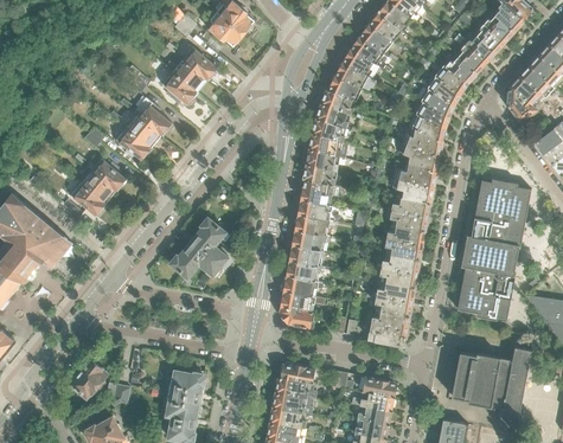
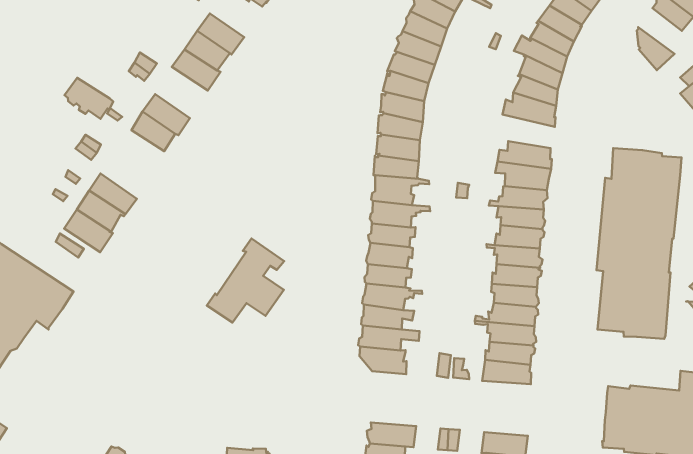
building: [508,77,540,114] -> none
building: [116,129,152,161] -> [64,78,113,119]
building: [398,145,440,173] -> none

